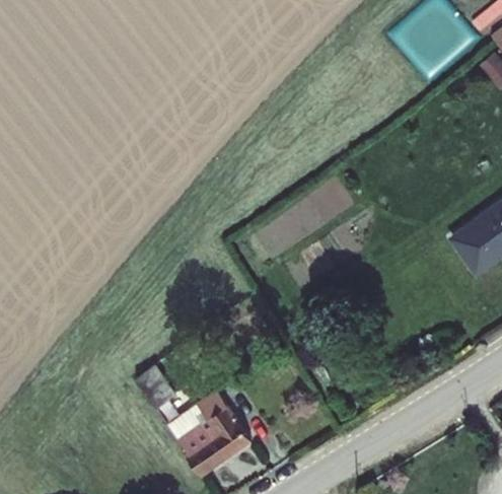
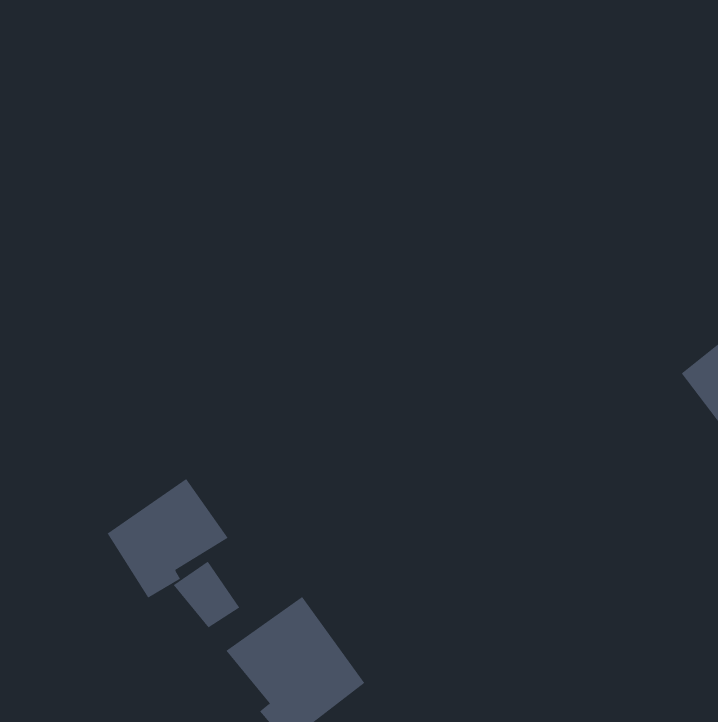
building: none -> [107,478,229,598]

